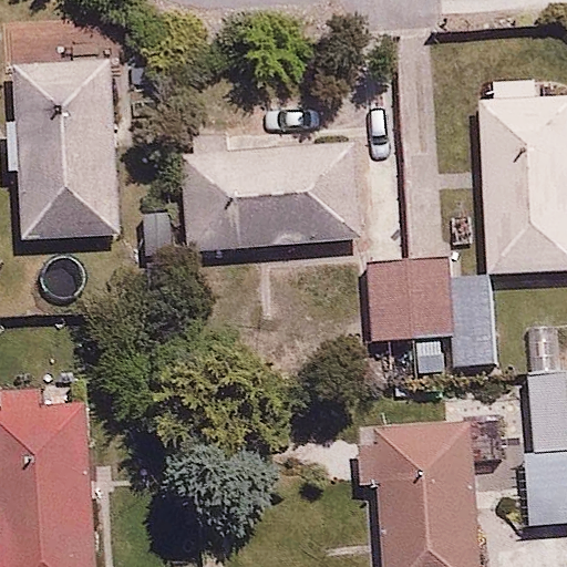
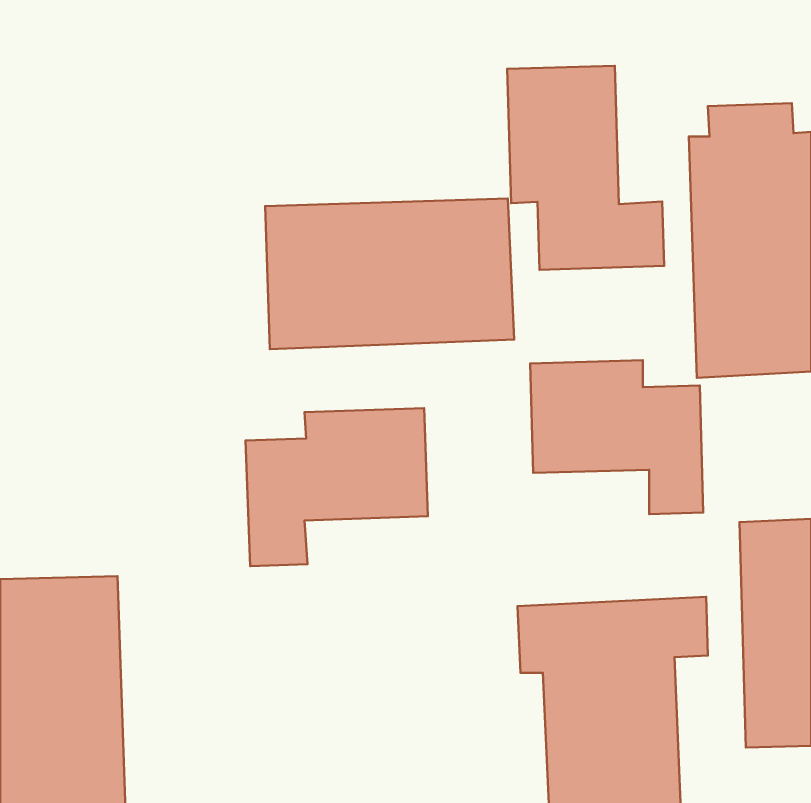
building: none -> [507,66,664,270]
building: [16,61,120,243] -> none
building: none -> [245,408,428,566]

